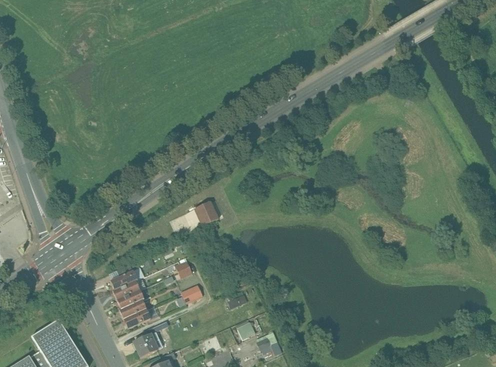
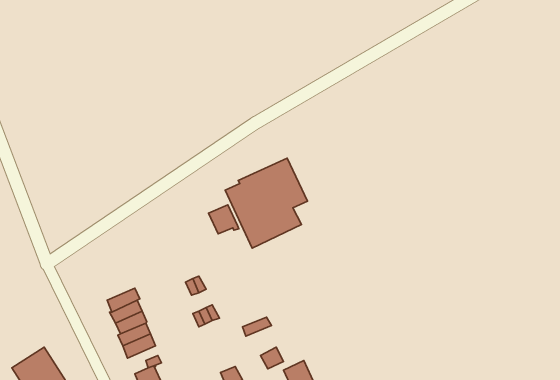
building: none -> [225,158,308,248]

